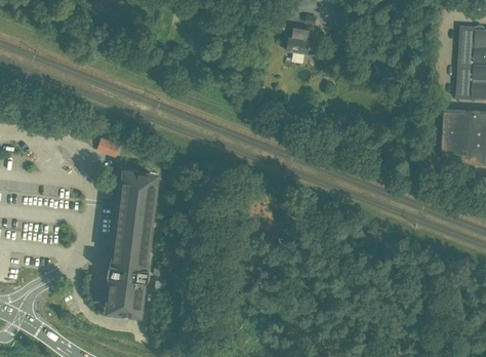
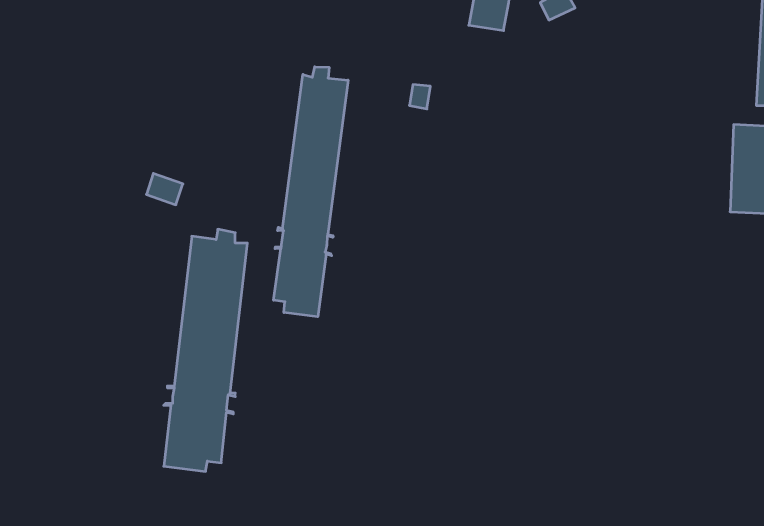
building: none -> [274,67,348,317]

